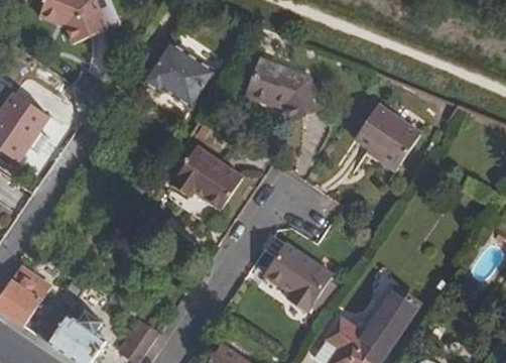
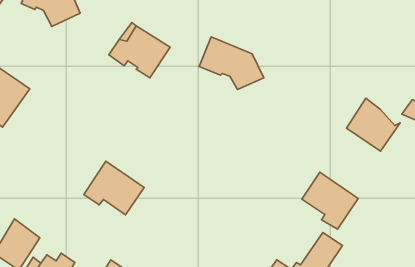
building: [355,105,418,167] -> [346,98,400,151]
building: [172,145,244,209] -> [84,161,144,215]
building: [264,243,331,311] -> [302,172,358,229]

